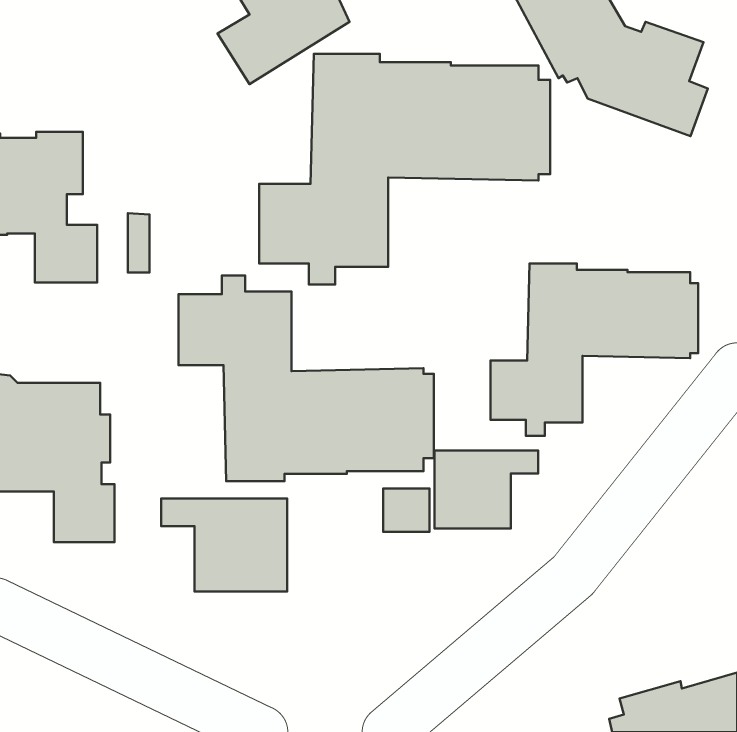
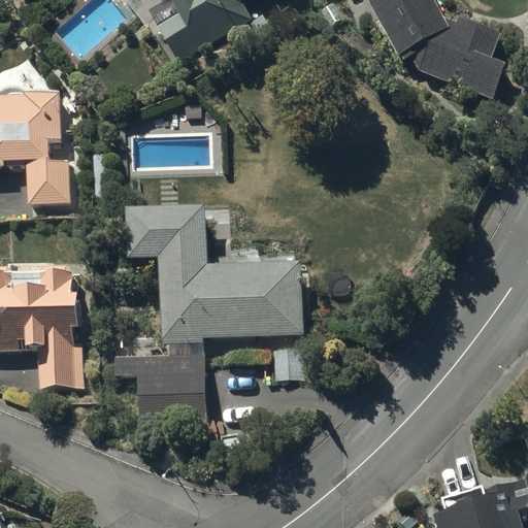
building: [259,54,550,285] -> none
building: [490,264,698,436] -> none
building: [434,450,538,529] -> none

